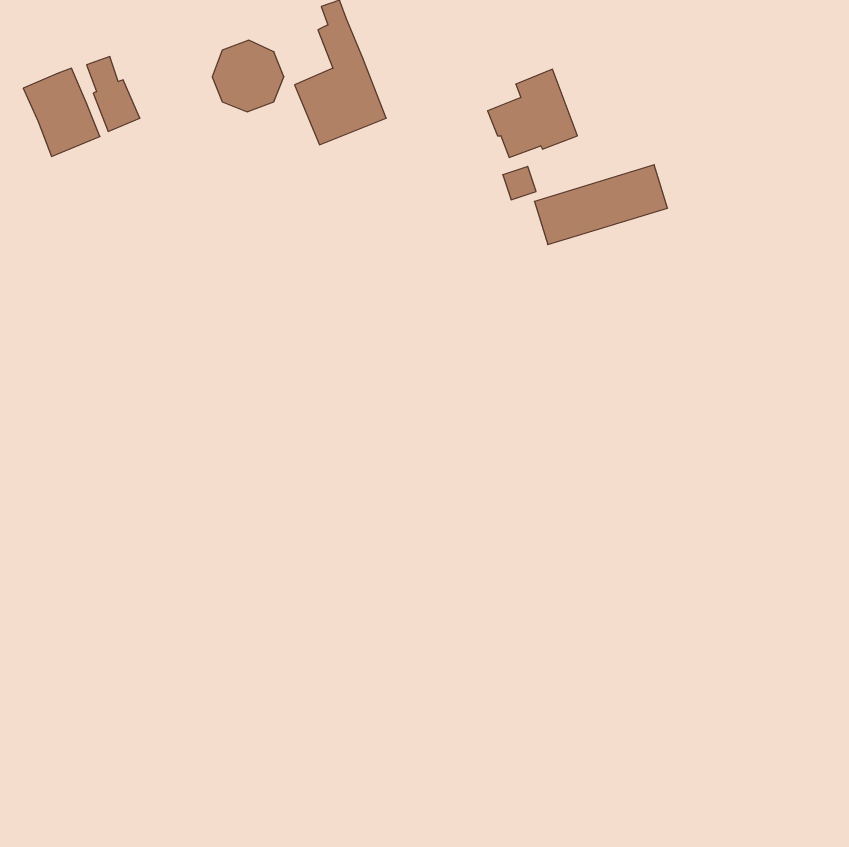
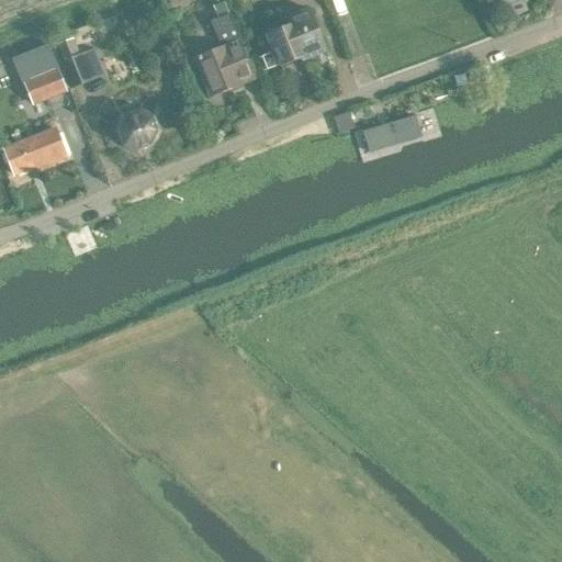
building: [212,40,284,112] -> [114,105,161,153]
building: [488,69,577,157] -> [266,7,325,65]
building: none -> [4,127,67,175]

